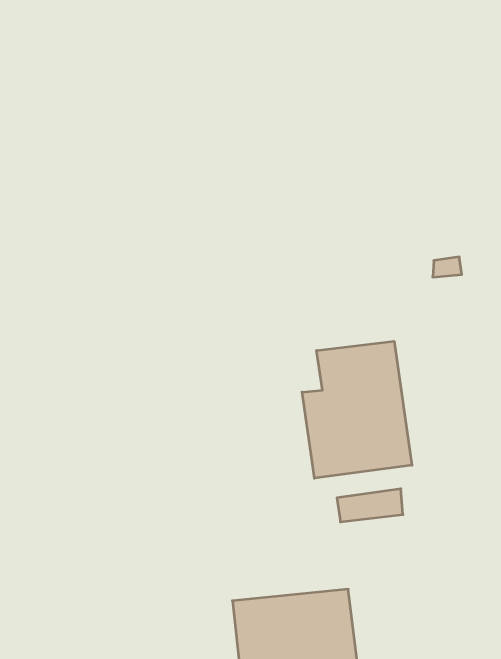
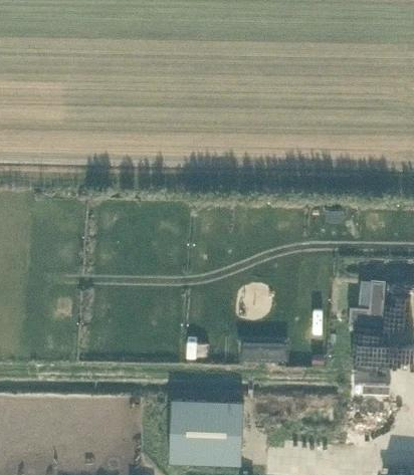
building: [302,341,412,478] -> none

